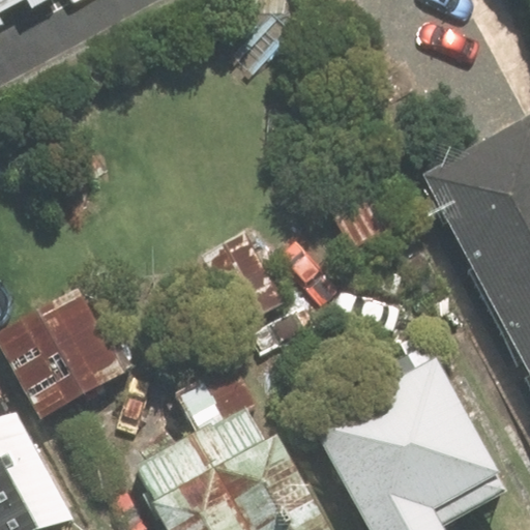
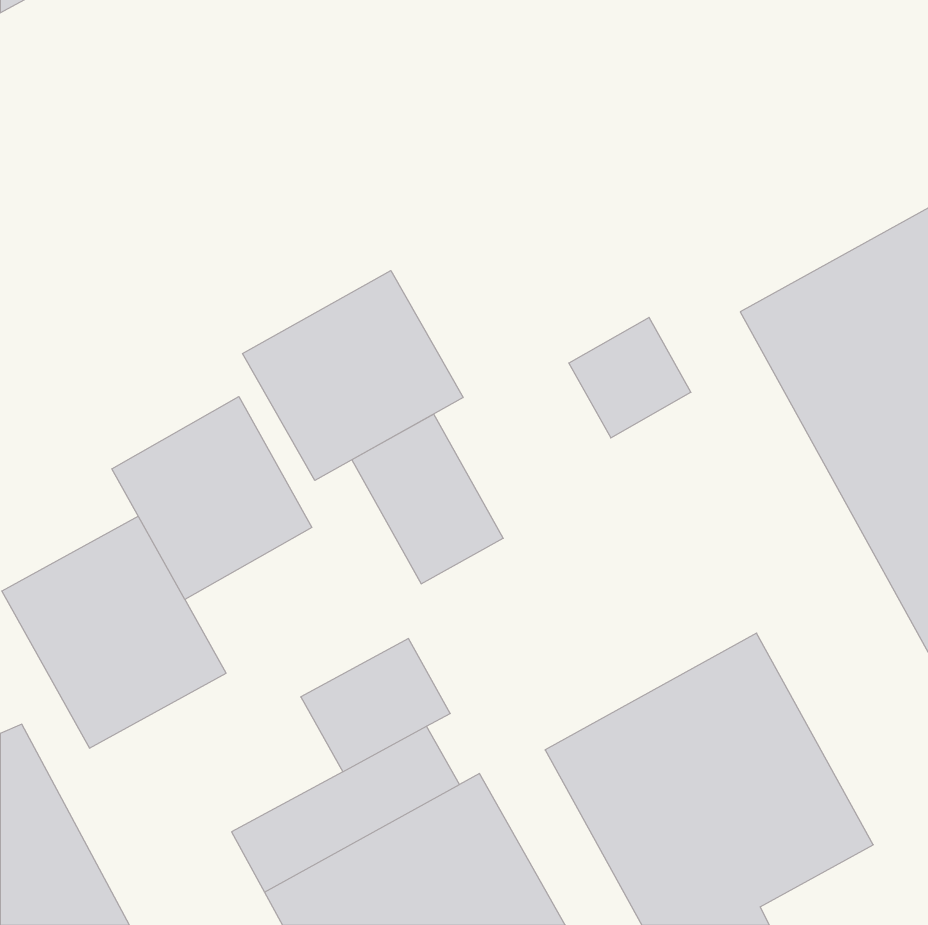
building: none -> [243,271,463,480]
building: none -> [112,397,312,600]

